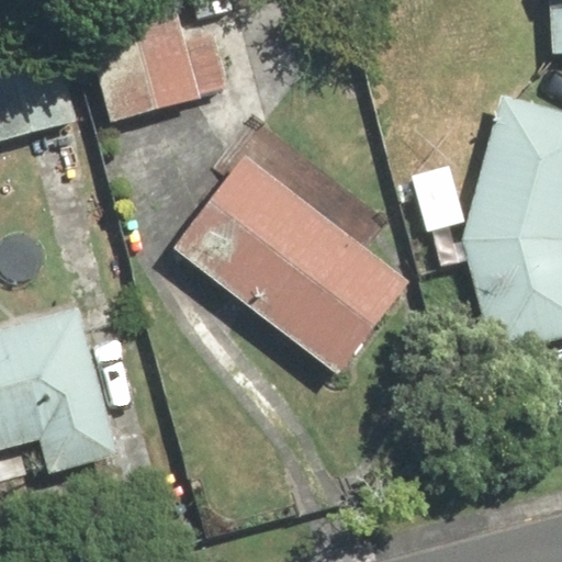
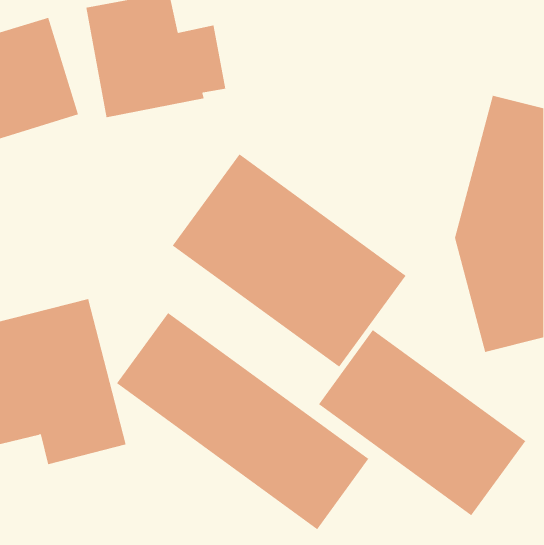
building: none -> [116,312,369,530]
building: none -> [318,329,526,516]

